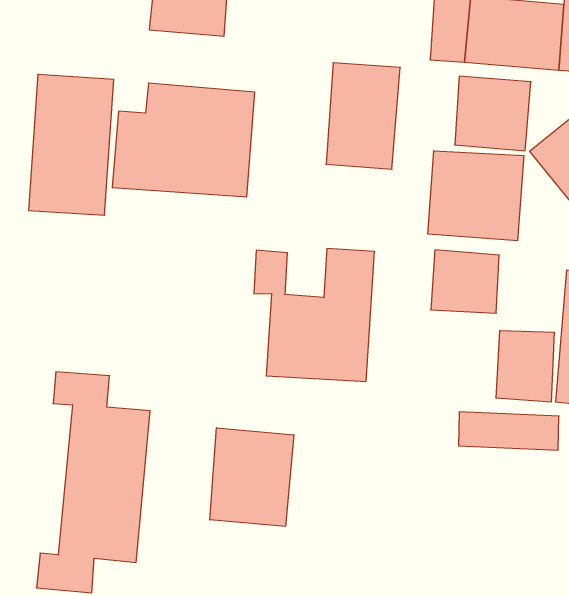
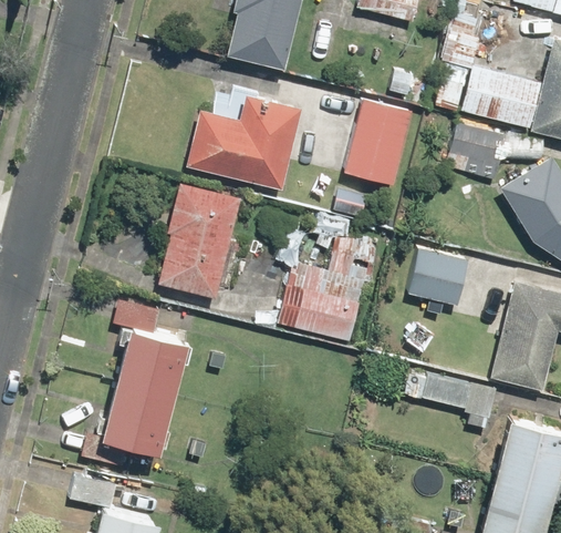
building: [29,75,114,215] -> [162,185,240,298]
building: [428,151,524,241] -> none
building: [496,330,554,402] -> none
building: [210,428,294,526] -> none

